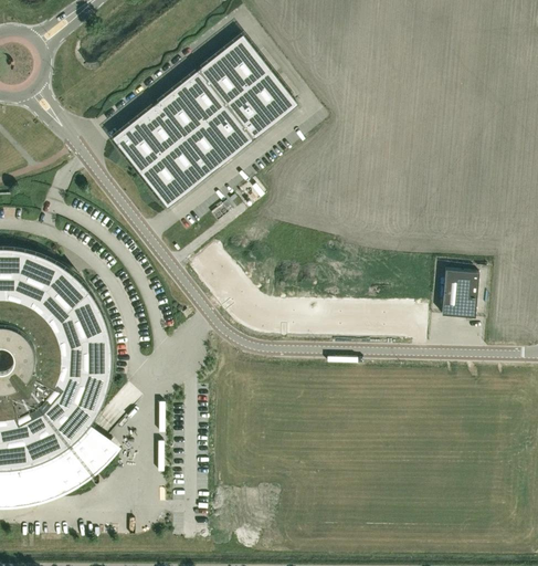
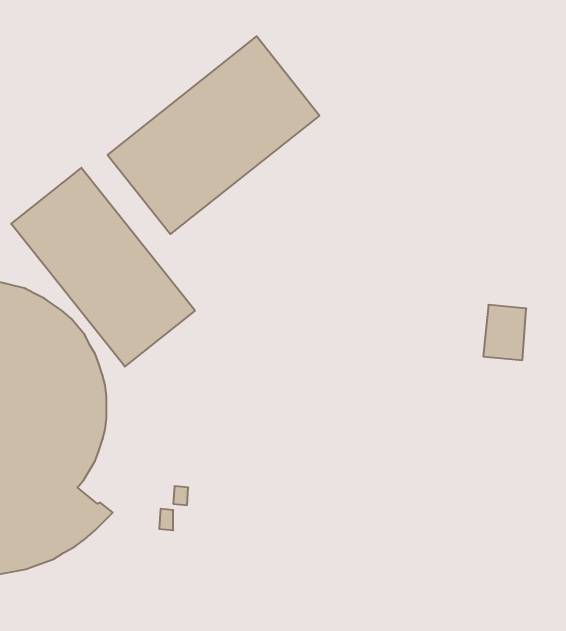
building: none -> [11,168,195,367]

